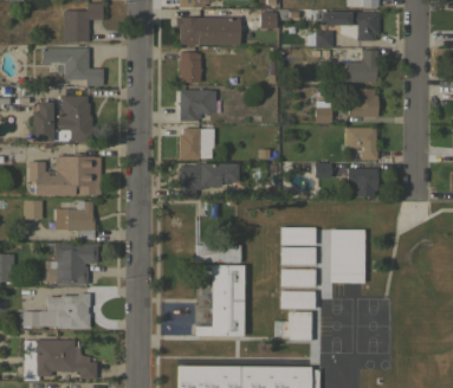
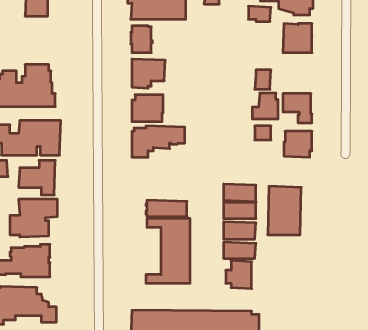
building: [40,47,102,85] -> none
building: [349,88,377,116] -> [252,93,278,119]

